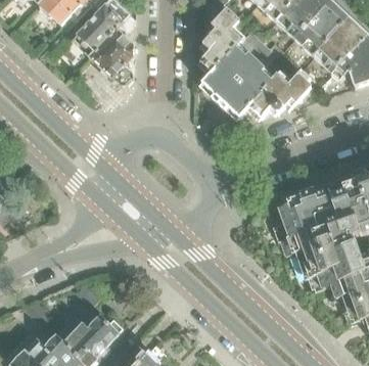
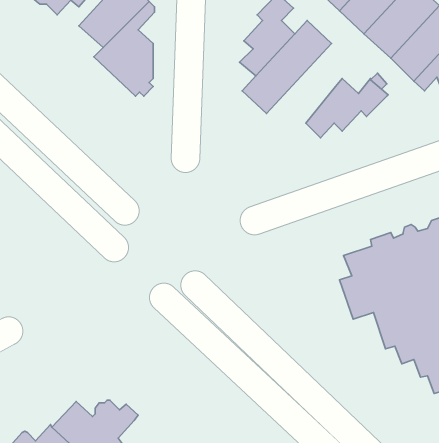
building: [219,45,274,116] -> none

